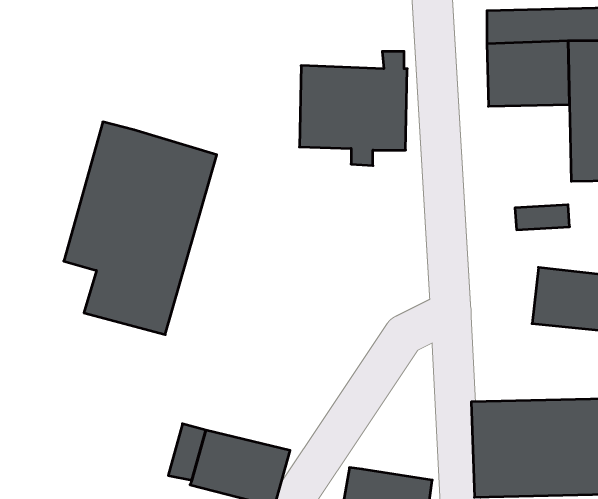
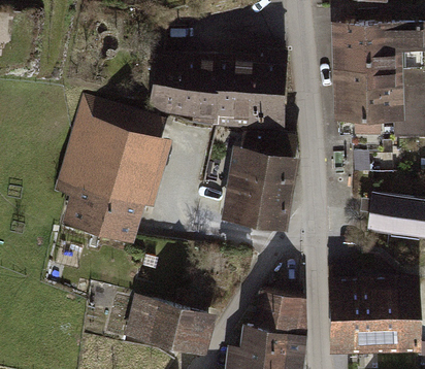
building: none -> [152,60,216,115]
building: none -> [339,88,394,139]
building: none -> [230,133,296,230]
building: none -> [256,293,304,335]

